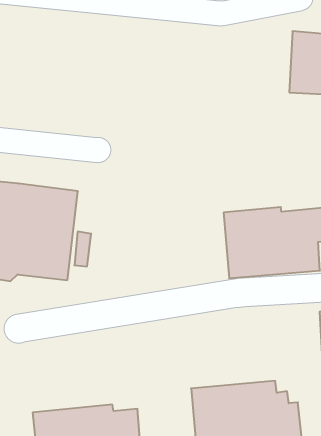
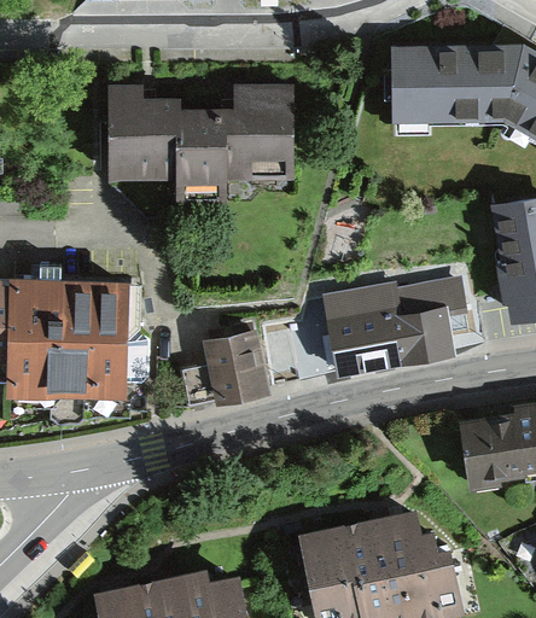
building: none -> [106,88,293,208]
building: none -> [180,333,270,409]

